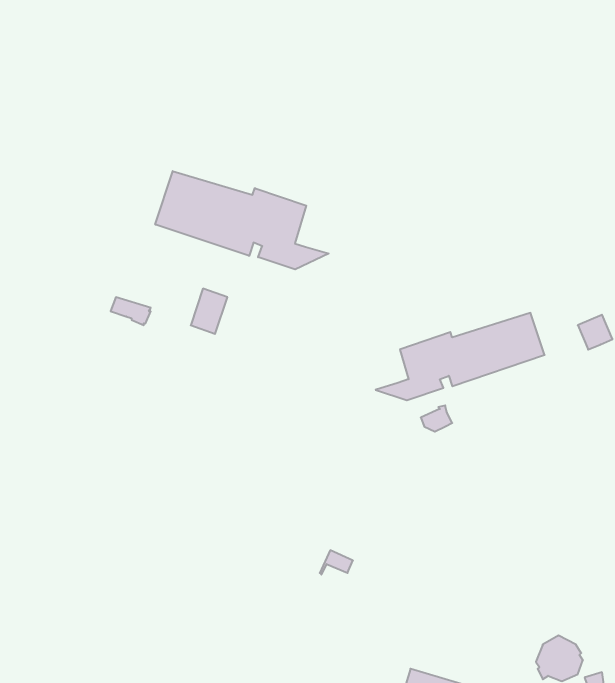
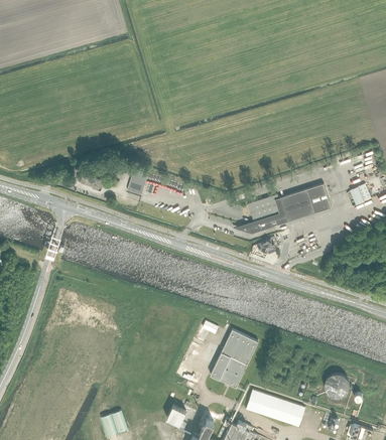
building: [155,171,329,269] -> none
building: none -> [212,329,258,388]

